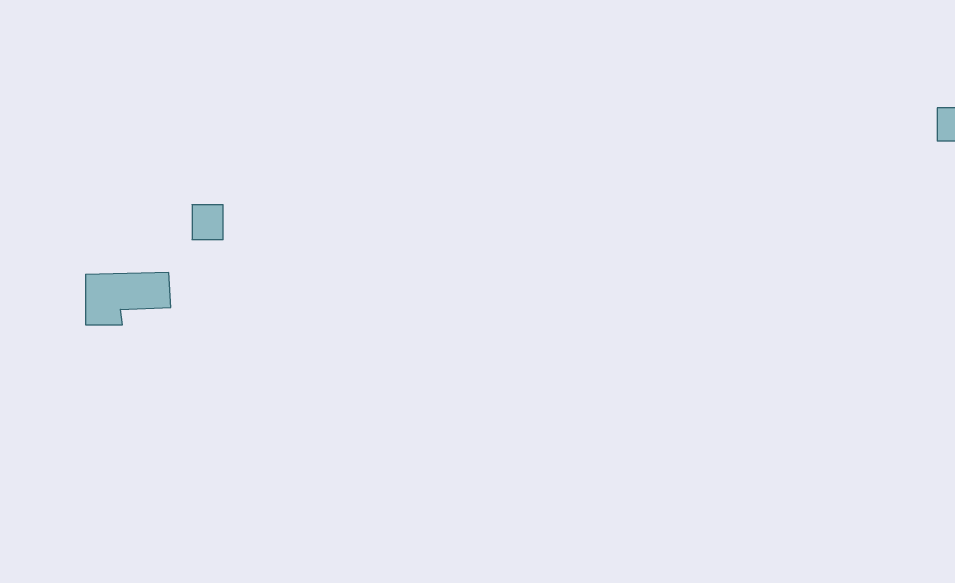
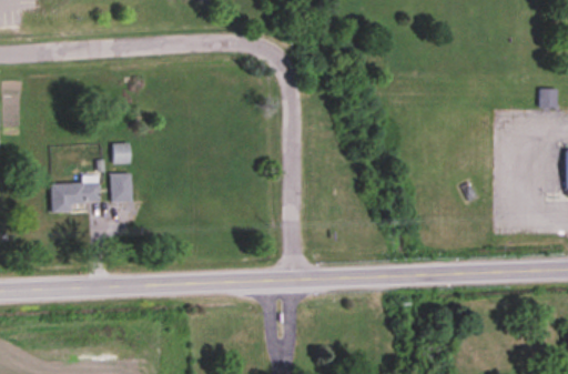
building: none -> [111,174,132,203]

